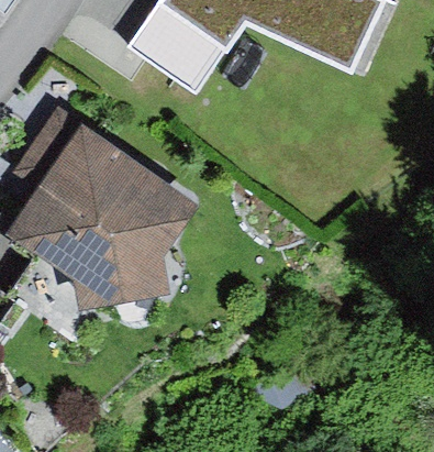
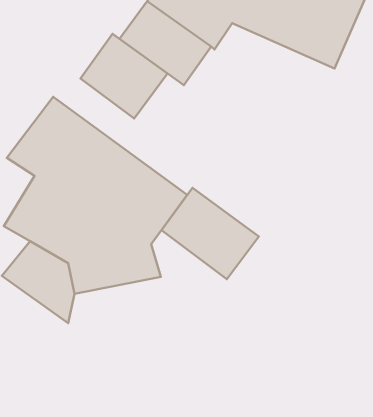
building: none -> [80,34,167,119]
building: none -> [161,188,259,279]

